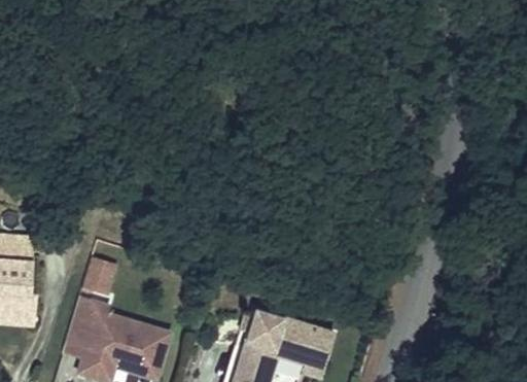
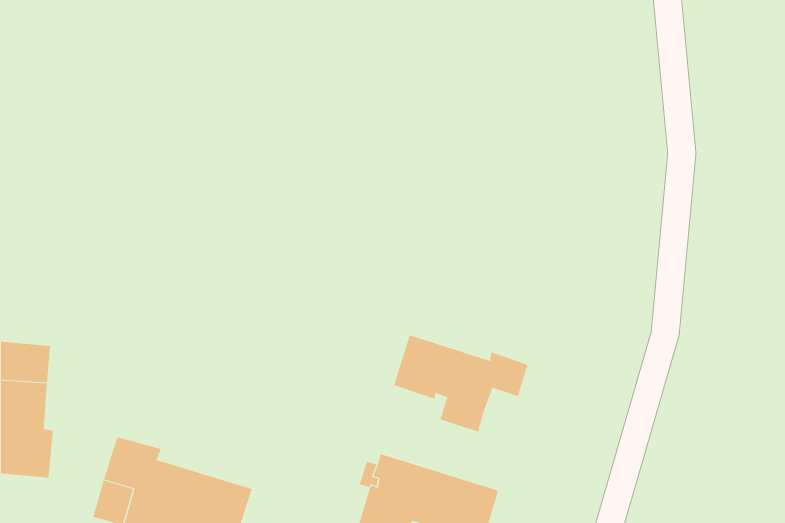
building: none -> [394,334,528,432]
building: [82,256,116,294] -> none

